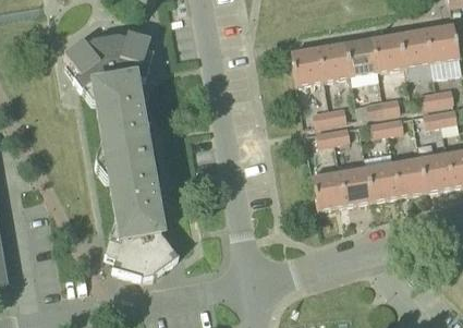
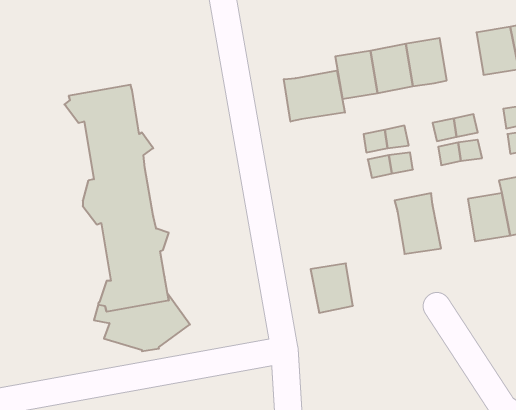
building: [64,33,155,89] -> none
building: [371,34,406,80] -> none
building: none -> [284,70,345,122]
building: [366,162,399,201] -> none
building: [312,172,344,210] -> [311,263,353,313]

